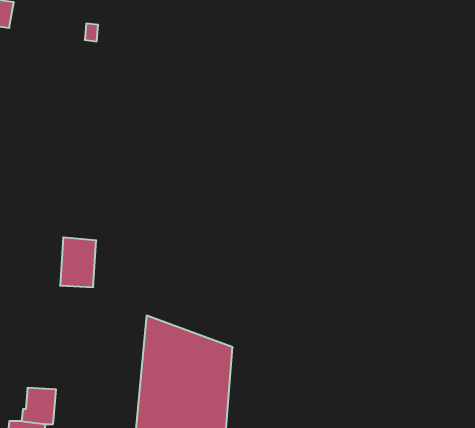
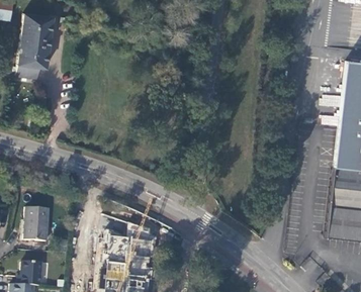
building: none -> [18,14,53,78]
building: [60,237,96,287] -> [25,207,50,240]

